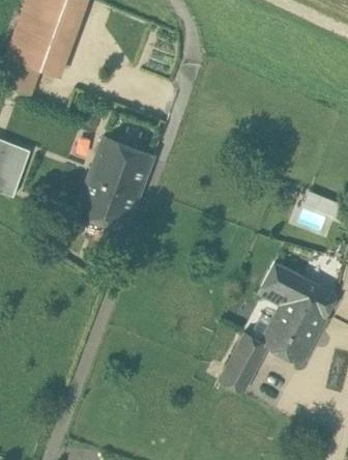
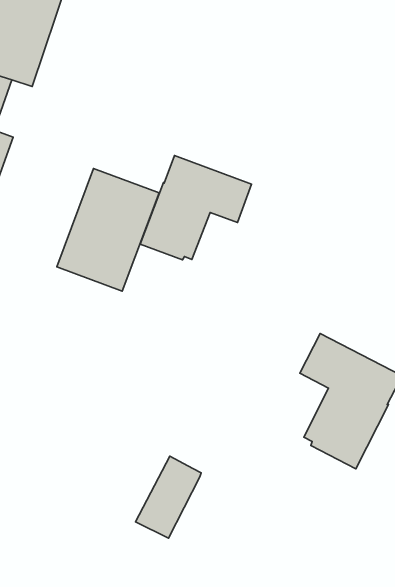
building: none -> [140,155,252,260]
building: [220,333,269,395] -> [136,456,201,538]

